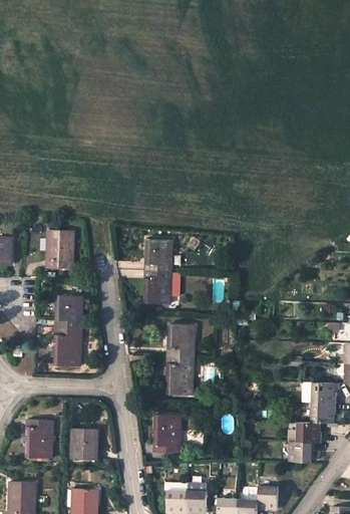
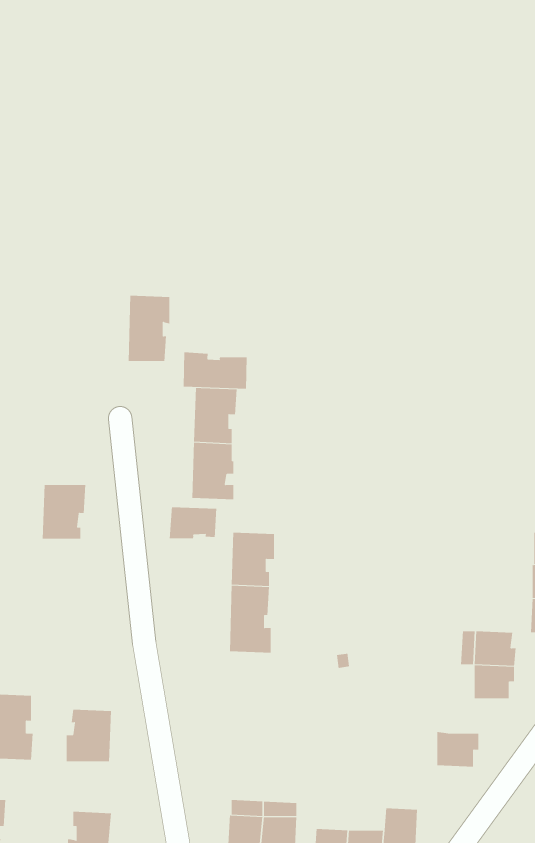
building: none -> [183,352,247,390]
building: [49,230,74,269] -> [128,295,170,361]
building: none -> [169,507,217,539]
building: [56,328,81,367] -> none
building: [154,415,181,454] -> none
building: [297,422,322,443] -> none

